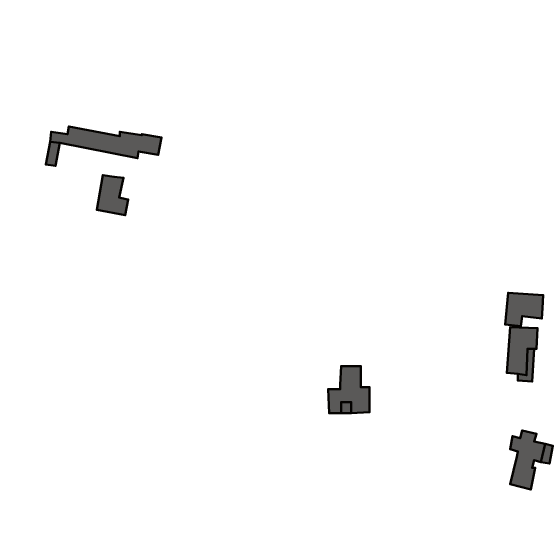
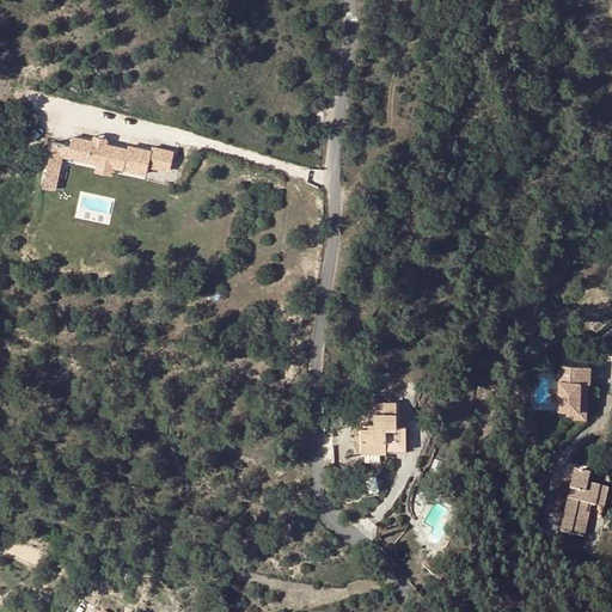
building: [97,175,128,215] -> none
building: [505,293,543,326] -> none

